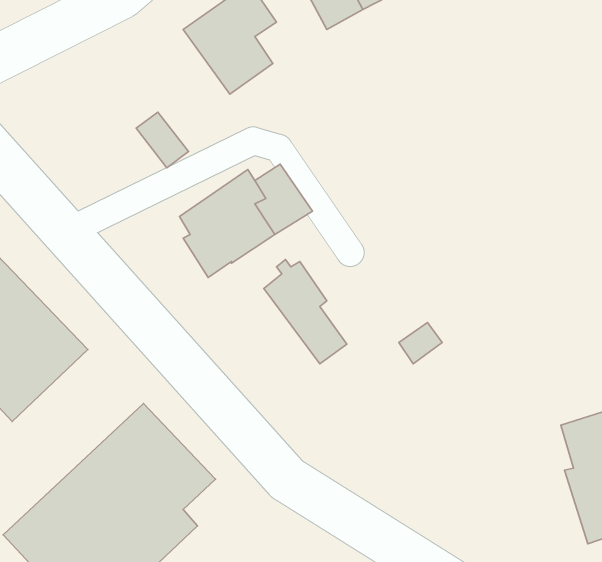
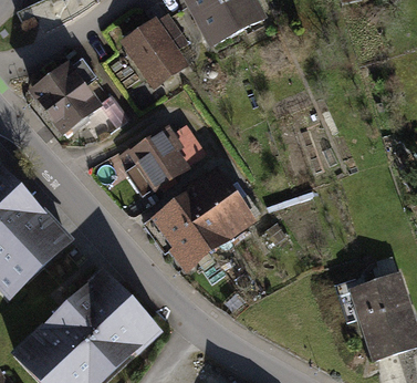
building: none -> [34,58,95,136]
building: none -> [198,174,259,237]
building: none -> [145,203,210,266]

